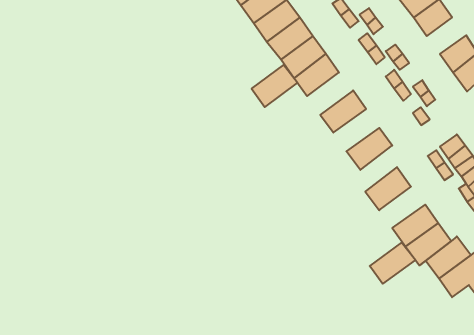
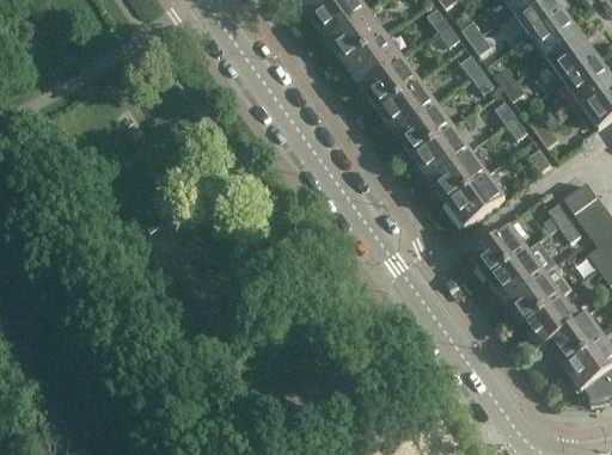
building: none -> [547,33,598,80]
building: [252,65,297,107] -> [394,104,453,158]
building: none -> [428,150,486,204]
building: [370,242,416,284] -> [486,250,545,302]

